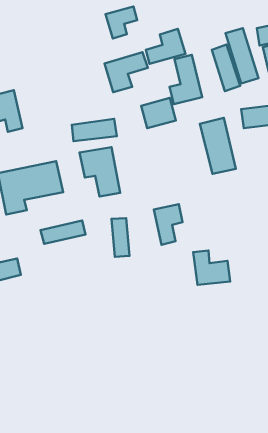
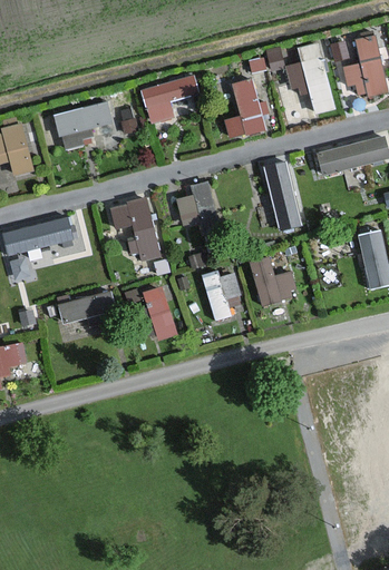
building: [106,6,137,39] -> none
building: [146,29,185,64] -> none
building: [141,98,176,128] -> [175,184,220,223]
building: [72,119,117,141] -> [54,102,111,131]
building: [193,250,230,285] -> [251,258,299,303]

